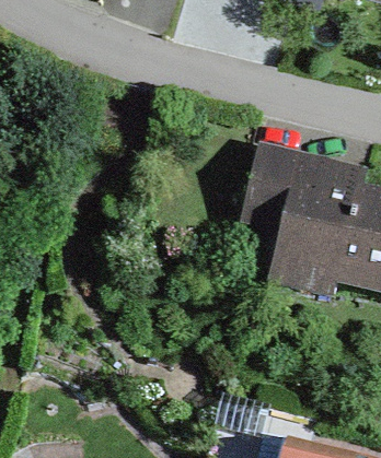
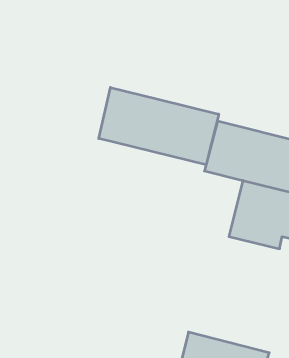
building: none -> [99,87,219,165]

